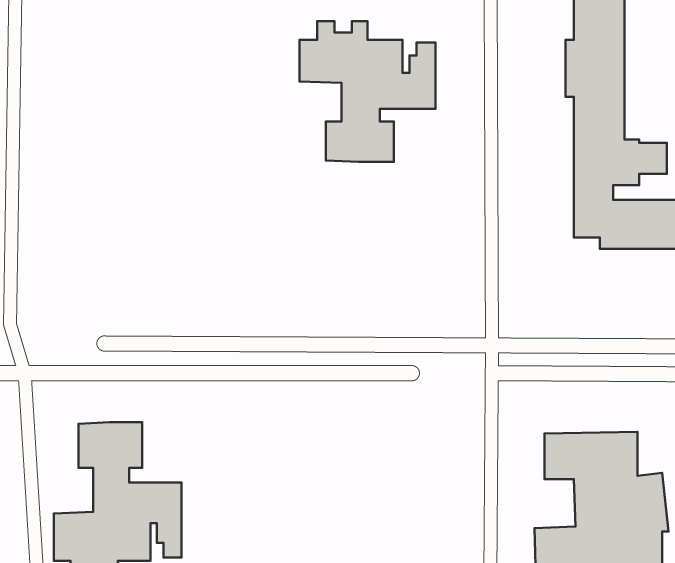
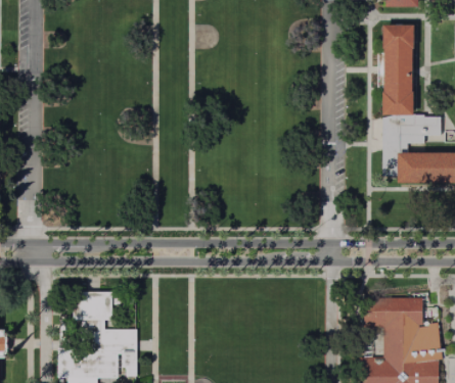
building: [300,21,436,162] -> none

